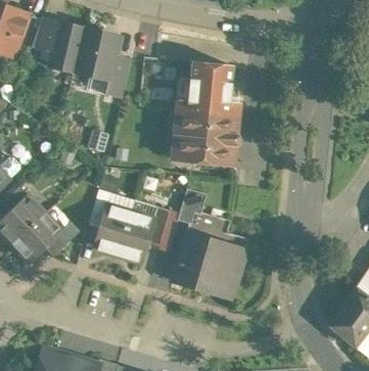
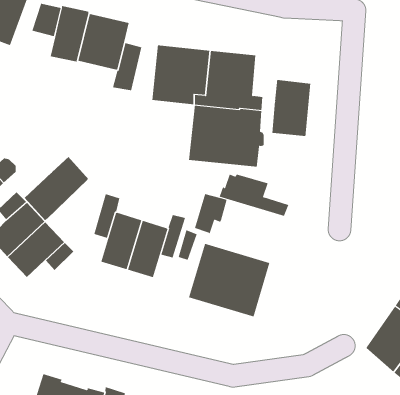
building: none -> [272,79,311,137]
building: none -> [24,156,89,221]
building: [186,212,248,249] -> [219,174,289,216]

